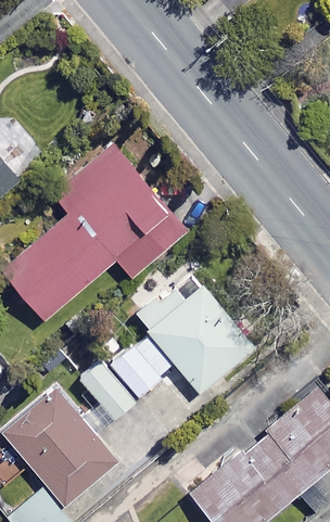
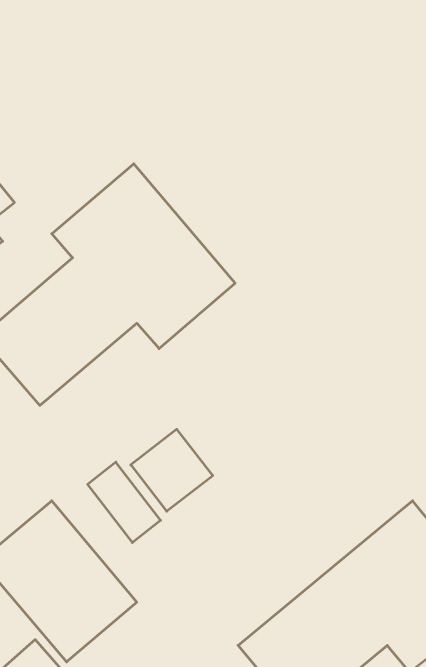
building: [136,271,252,393] -> none

